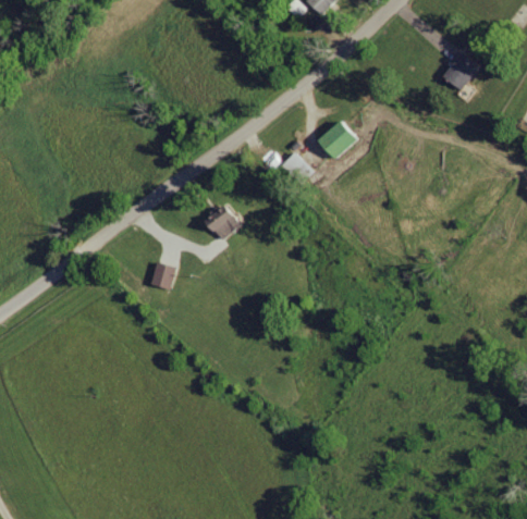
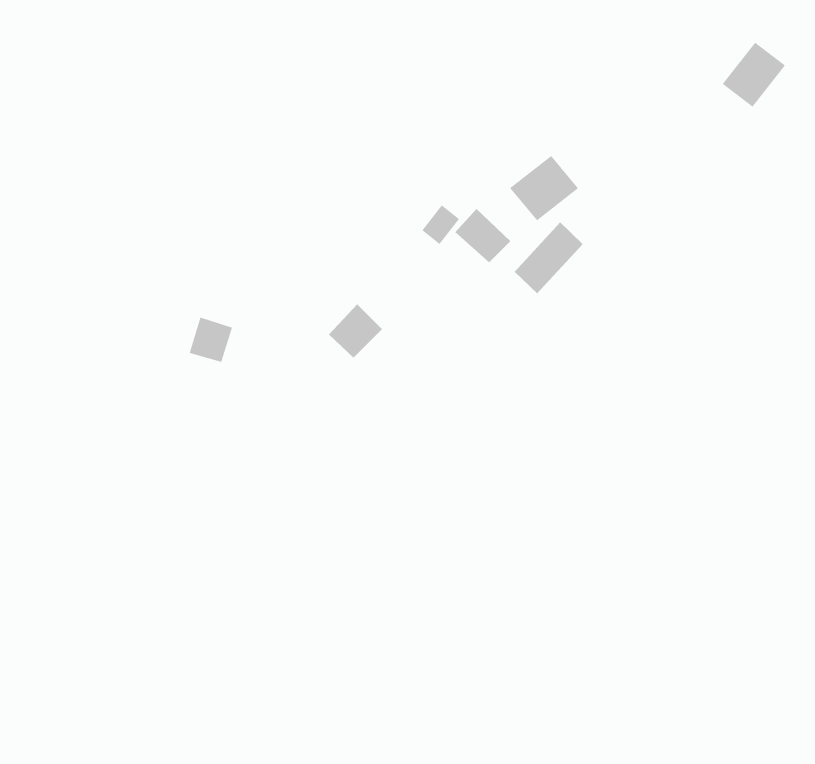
building: none -> [514,222,584,294]
building: [150,261,176,288] -> [189,317,233,362]

